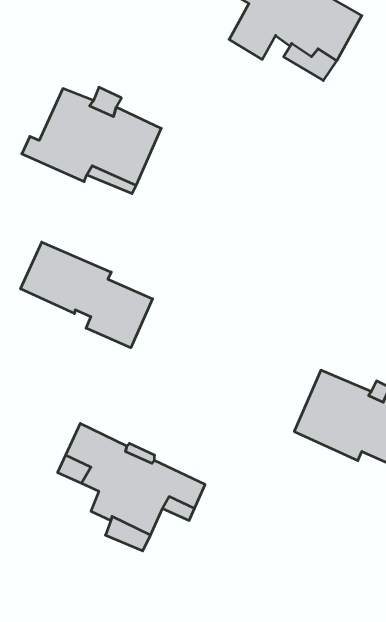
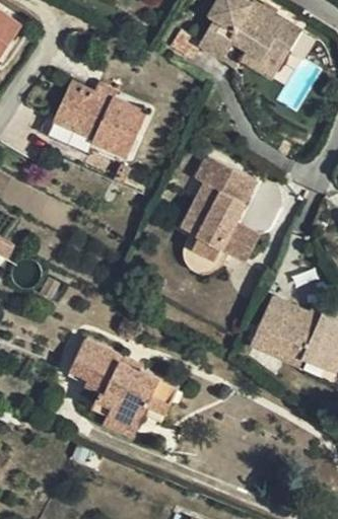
building: none -> [185,157,263,277]
building: [21,242,153,348] -> none

